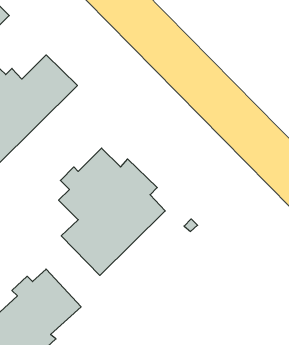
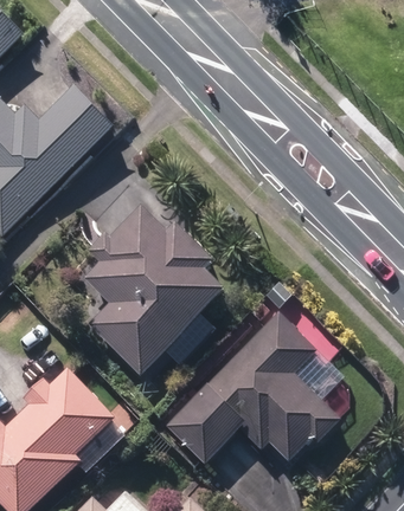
building: none -> [168,312,342,463]

